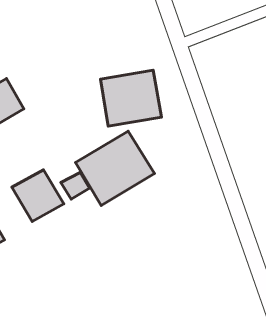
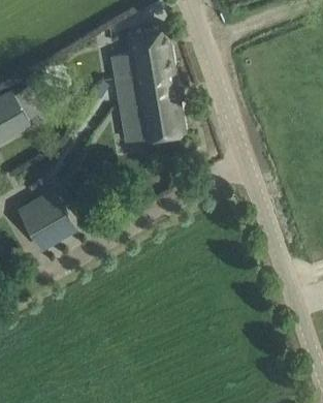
building: none -> [111,28,175,90]
building: [76,131,155,205] -> none

